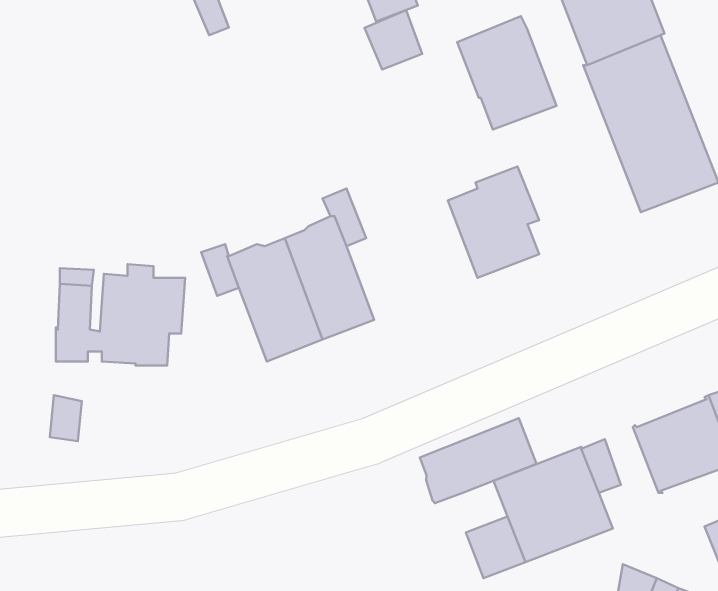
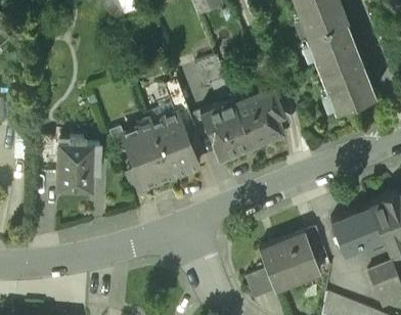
building: [364,10,422,70] -> [194,57,224,88]
building: [457,16,557,130] -> [199,100,251,159]
building: [420,418,537,503] -> none

